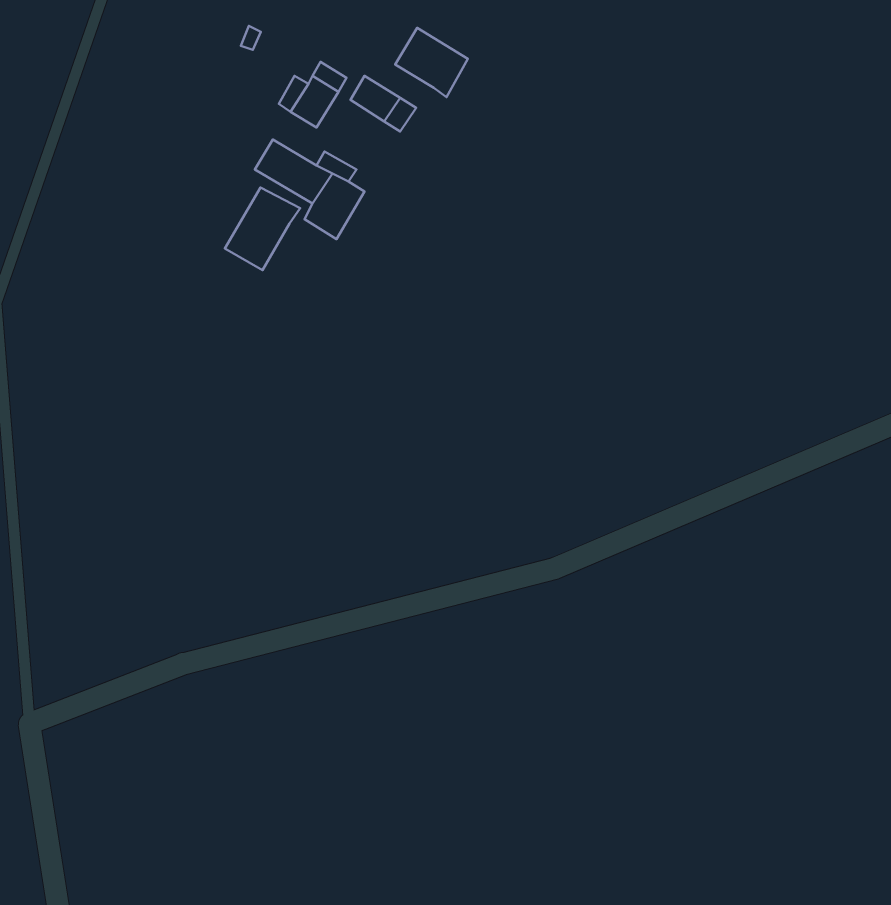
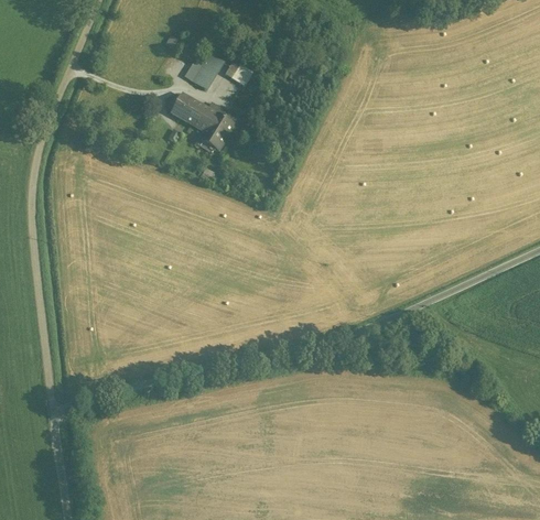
building: [395,28,468,97] -> none
building: [225,187,300,270] -> none

